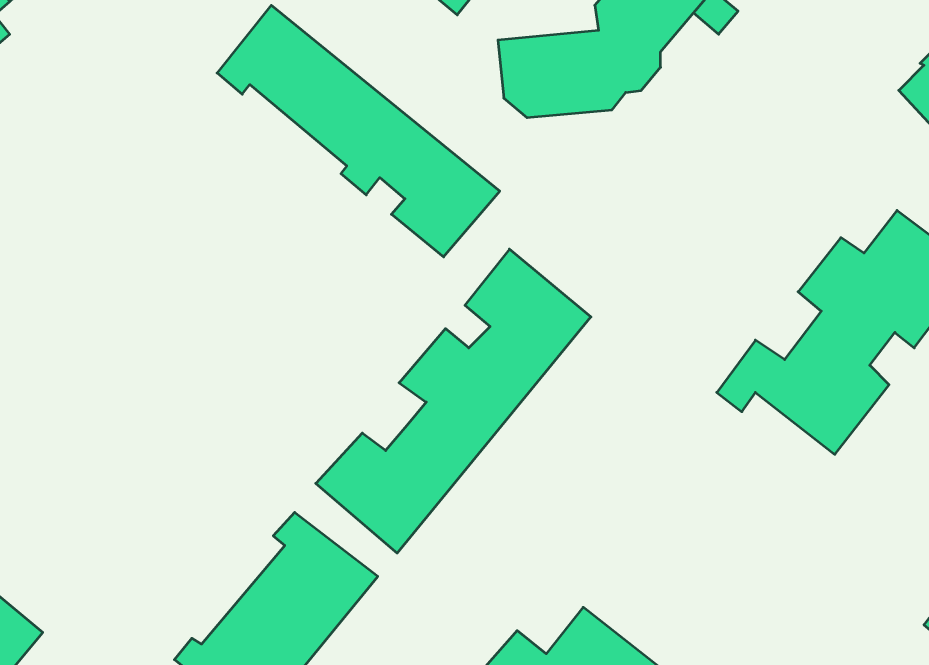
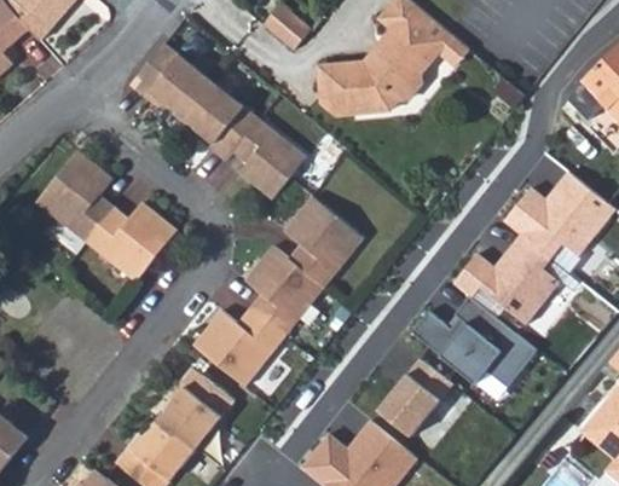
building: none -> [44,154,185,288]
building: none -> [400,299,532,388]
building: none -> [374,359,467,451]

